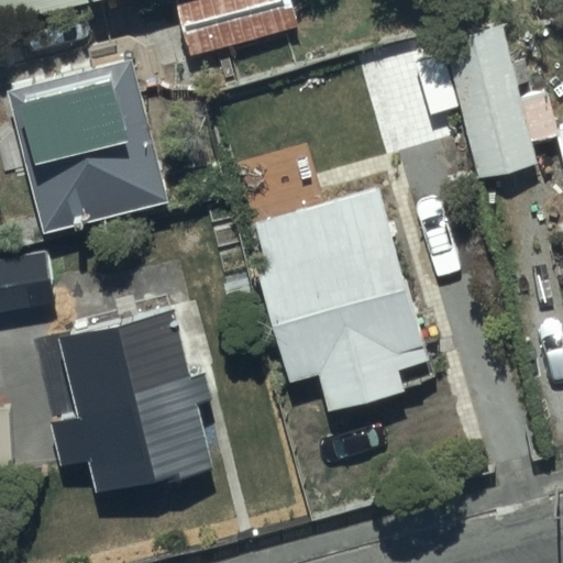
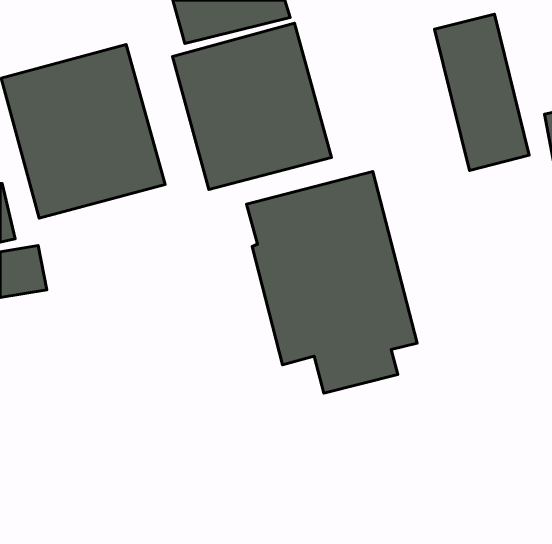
building: none -> [172,23,331,190]
building: [42,316,213,494] -> none

